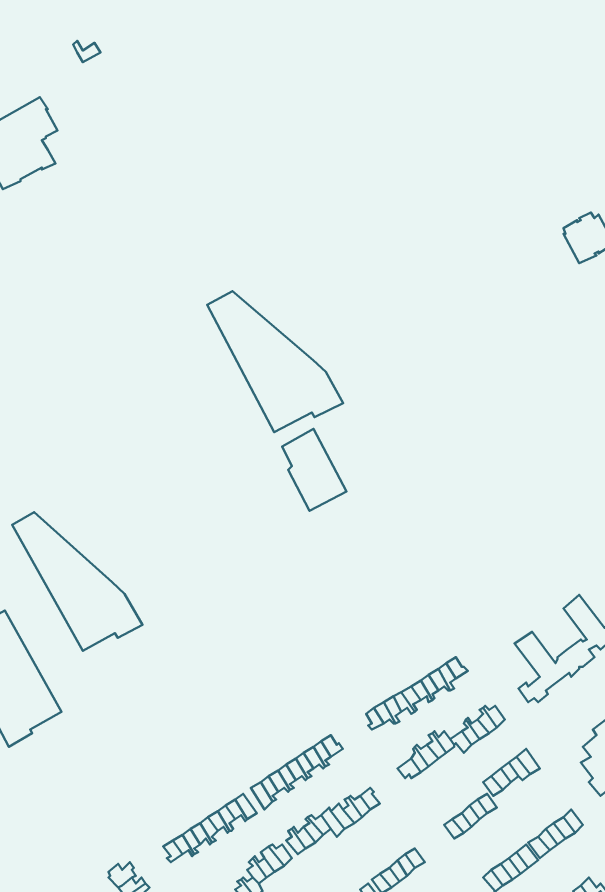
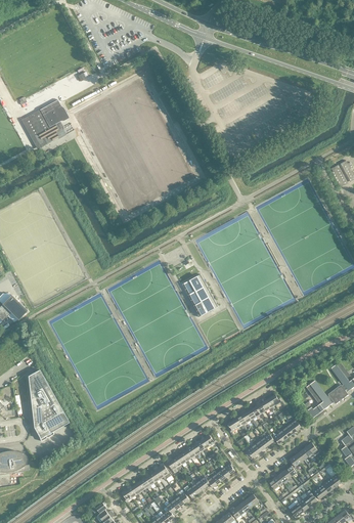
building: [207,291,343,432] -> none
building: [12,512,142,651] -> none

